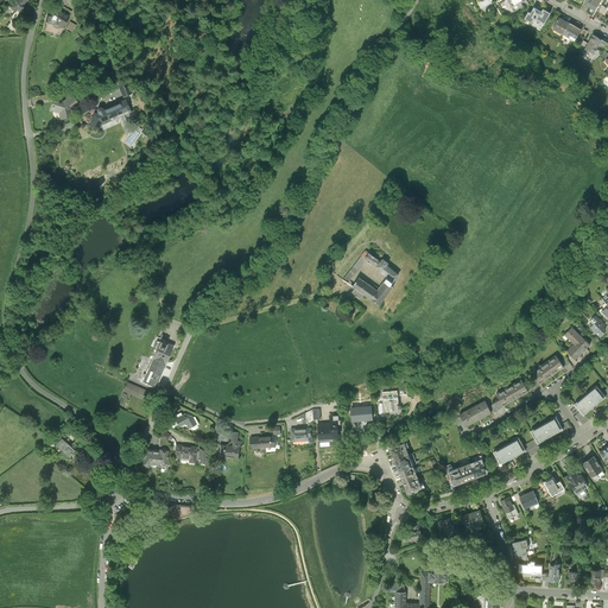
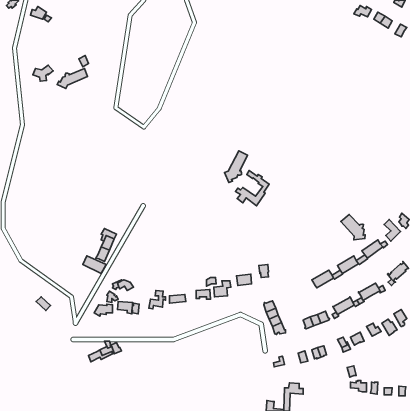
building: none -> [225,151,248,183]
building: none -> [341,214,365,240]

